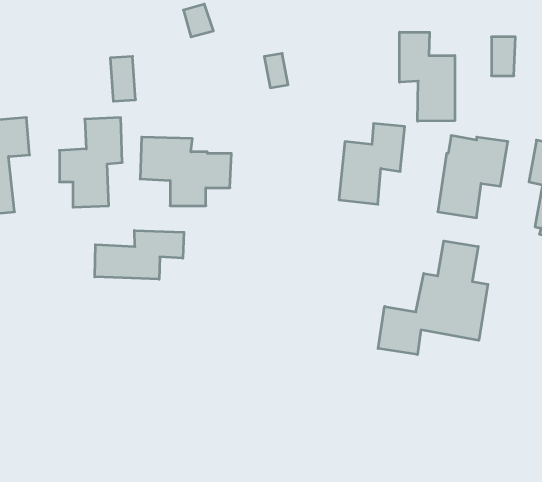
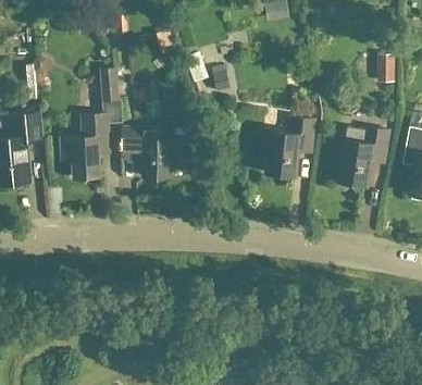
building: [400,32,455,121] -> none
building: [95,230,184,279] -> none
building: [378,241,488,355] -> none

